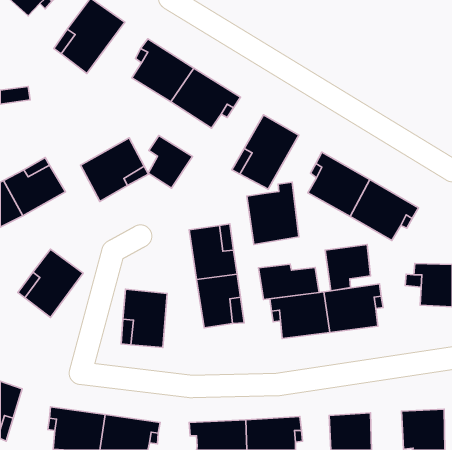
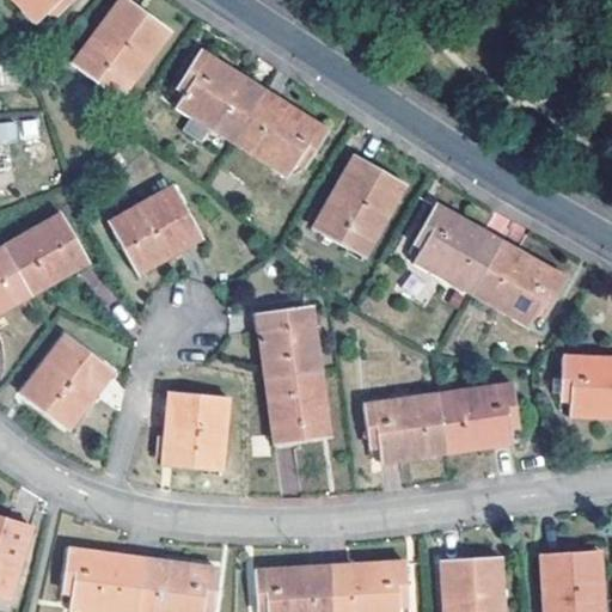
building: [148,135,193,188] -> none
building: [247,182,299,244] -> none
building: [325,245,370,291] -> none
building: [259,264,319,300] -> none

